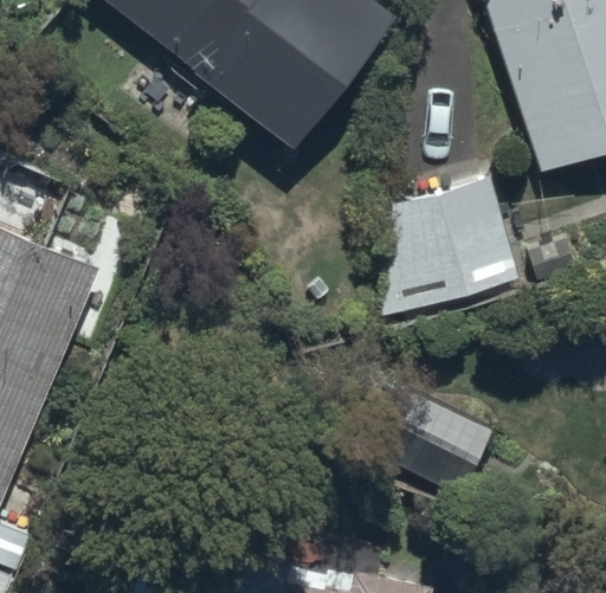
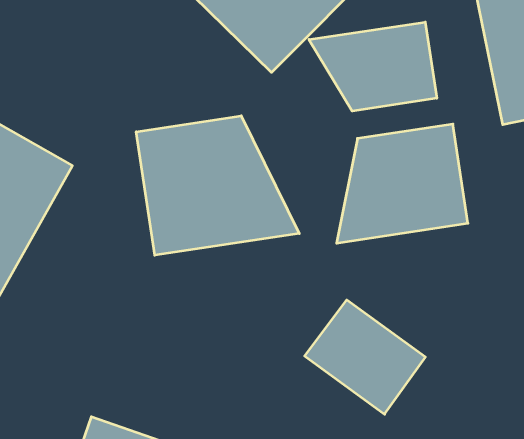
building: none -> [309,22,437,111]
building: none -> [136,116,299,255]

